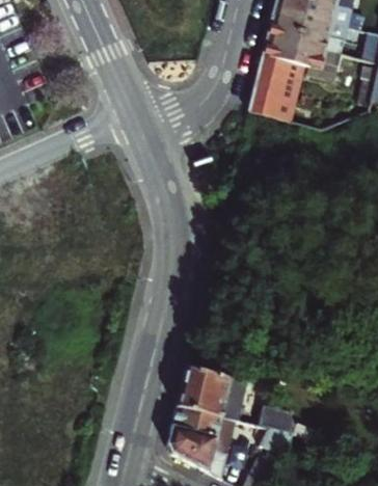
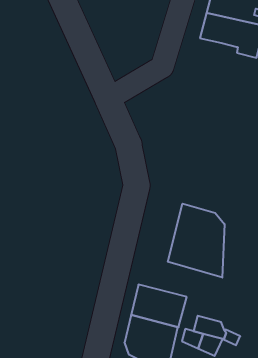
building: [252,56,301,118] -> none
building: none -> [168,204,225,278]

